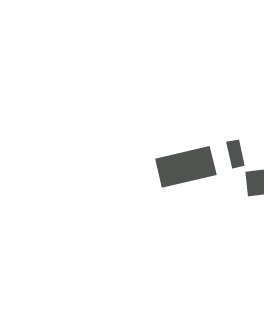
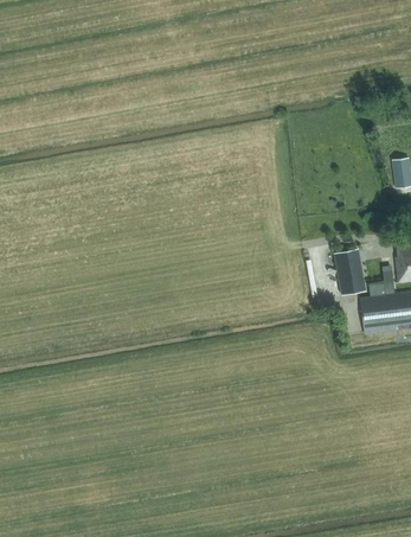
building: [155,145,218,189] -> none

